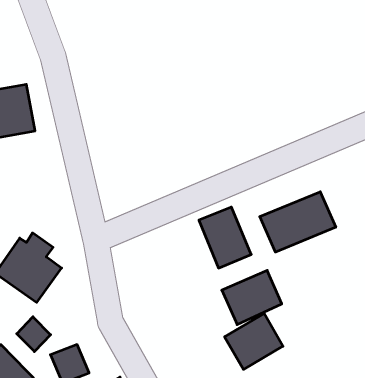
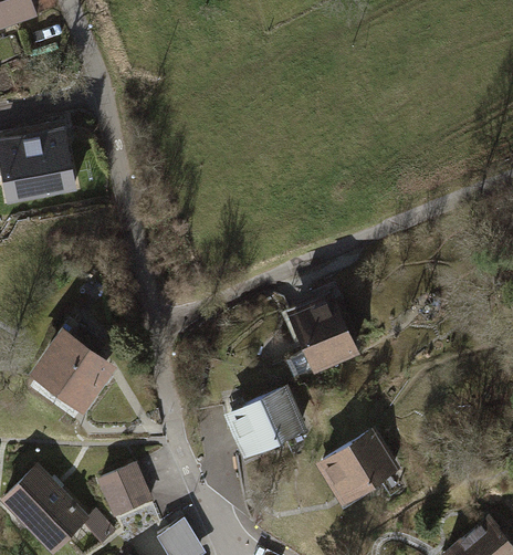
building: [260,192,336,252] -> none
building: [222,270,282,325] -> [226,385,303,454]
building: [17,317,51,352] -> none

